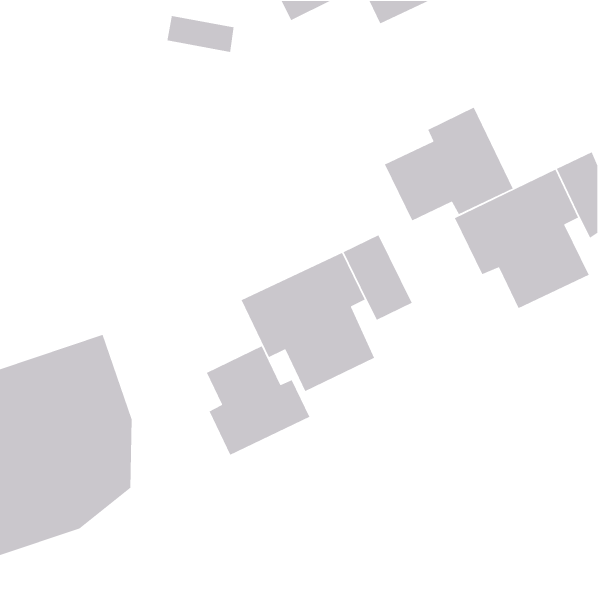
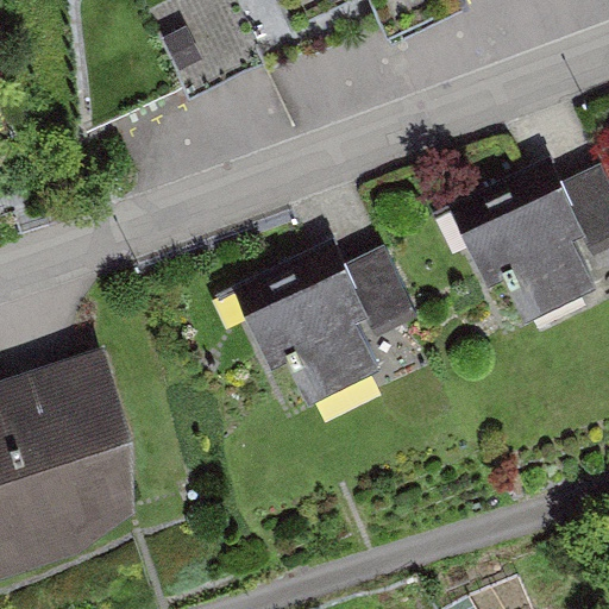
building: [384,107,514,222] -> none
building: [206,345,311,456] -> none

